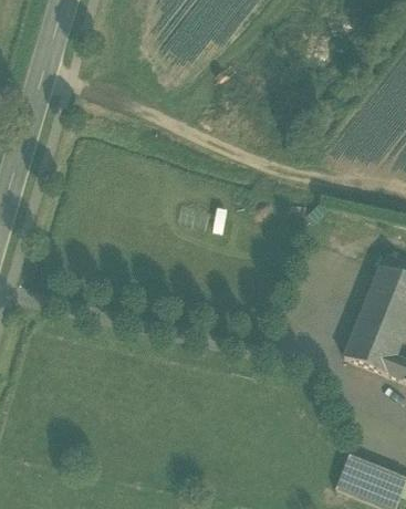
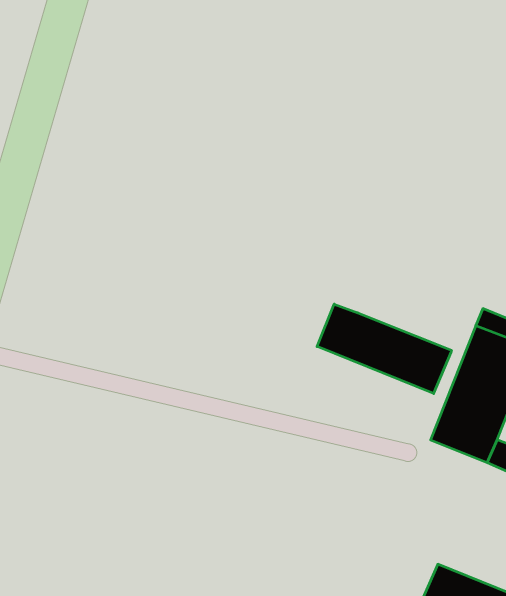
building: none -> [317,304,451,394]

